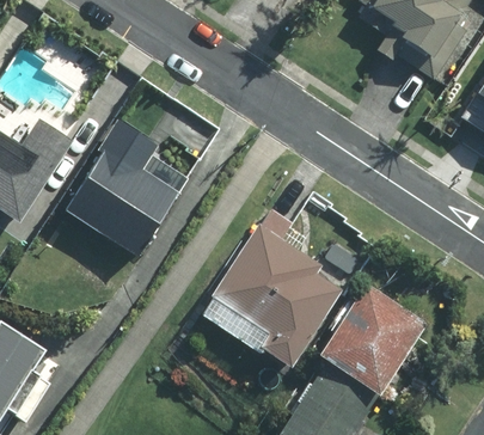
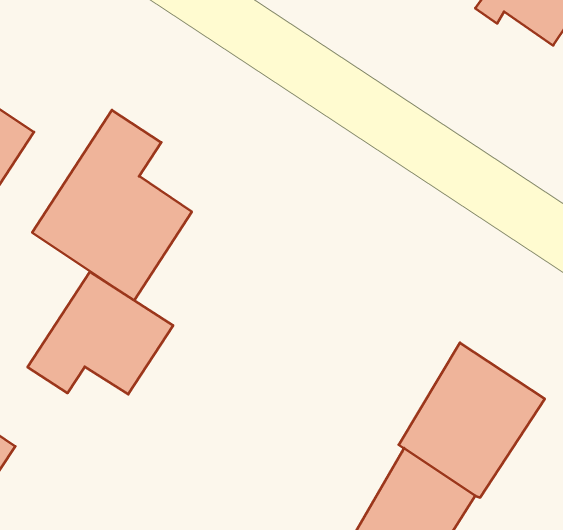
building: [213,209,341,367] -> none
building: none -> [28,272,173,394]

